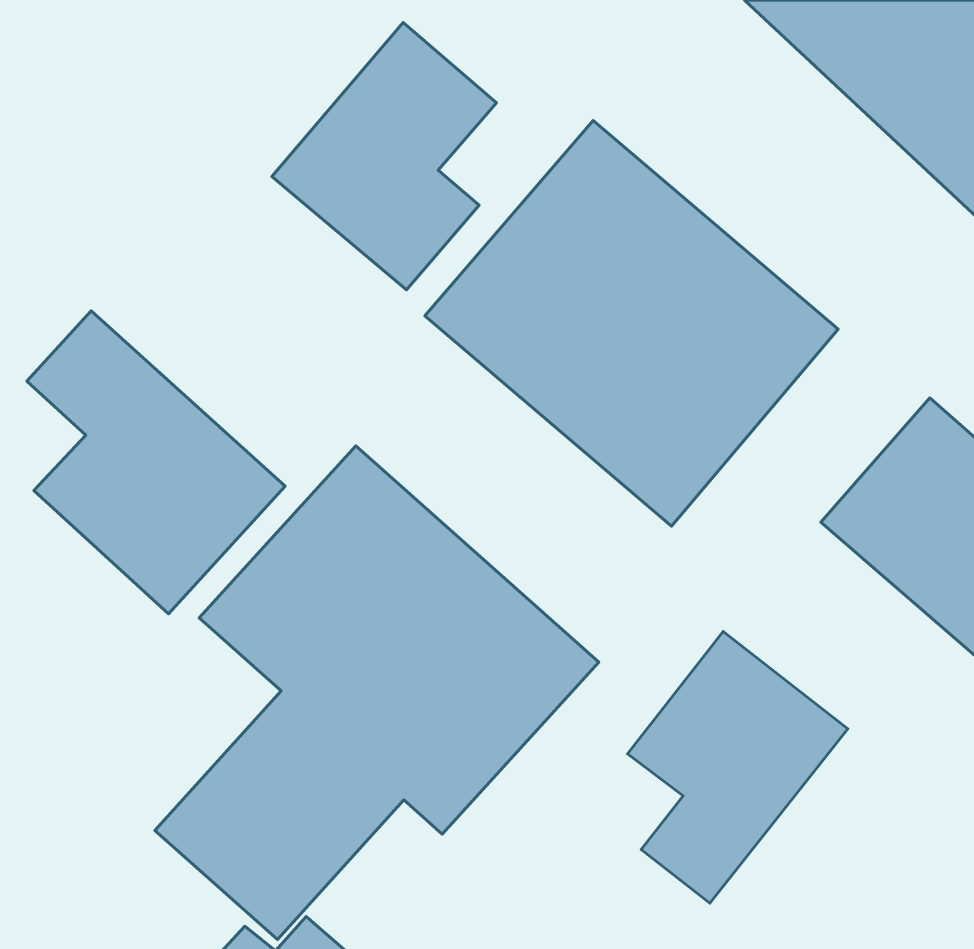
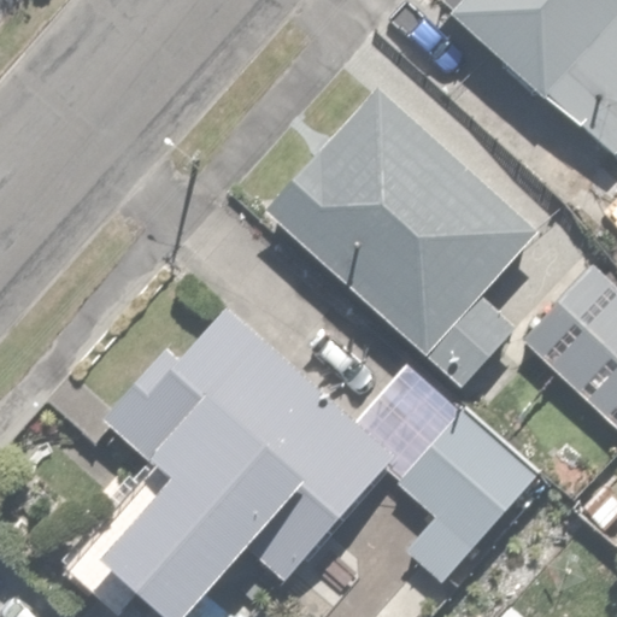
building: [272,22,497,290] -> none
building: [27,311,285,614] -> none

